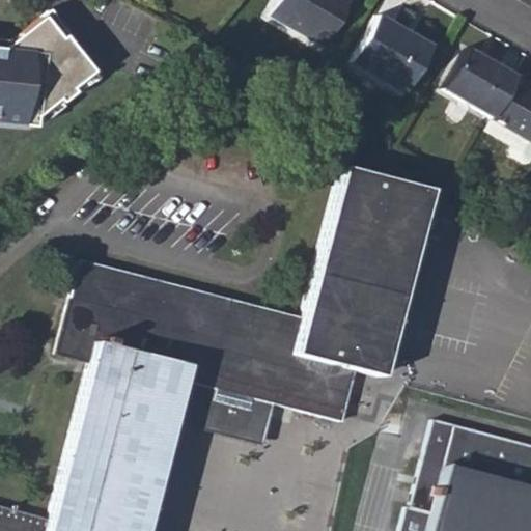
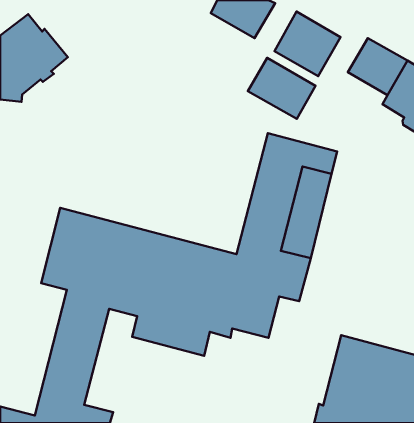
building: none -> [248,58,315,119]
building: [116,387,183,516] -> none

